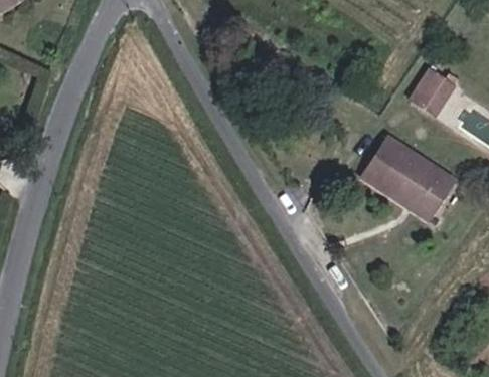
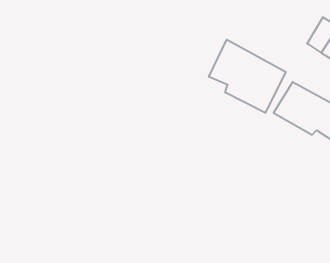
building: none -> [209,40,286,113]

